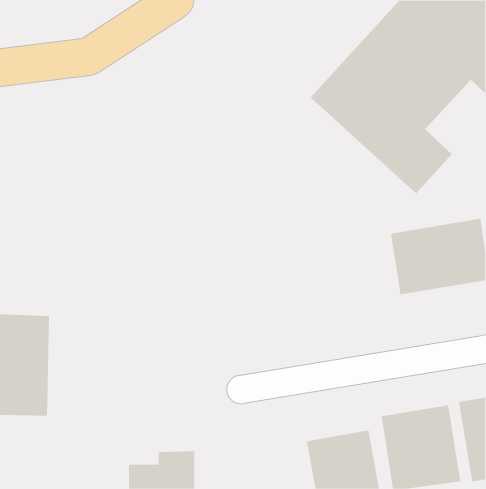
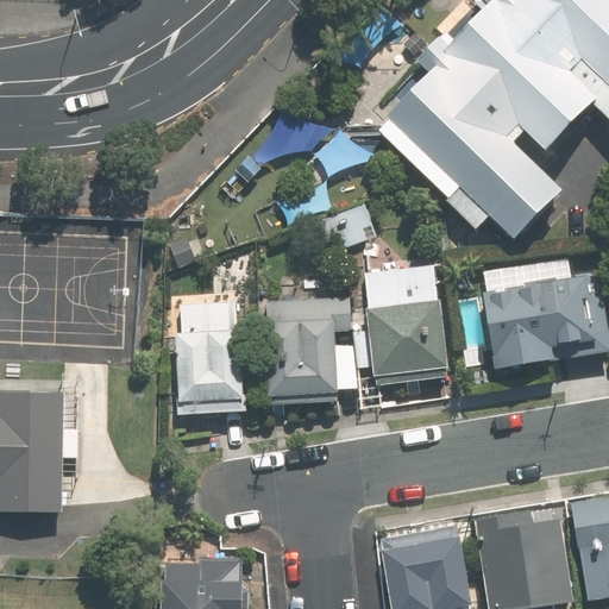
building: none -> [363,262,448,375]
building: none -> [263,297,349,395]
building: none -> [172,299,244,403]

